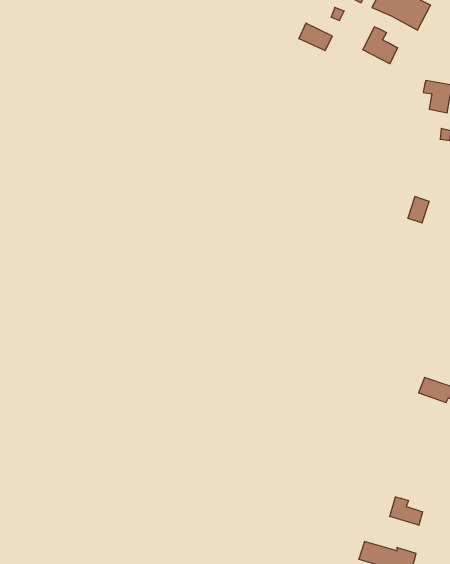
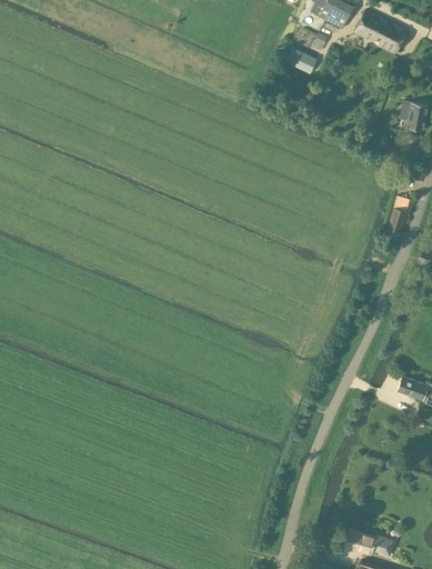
building: [363,27,398,64] -> none
building: [390,497,423,525] -> none

